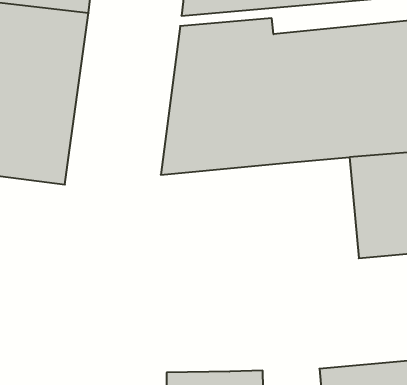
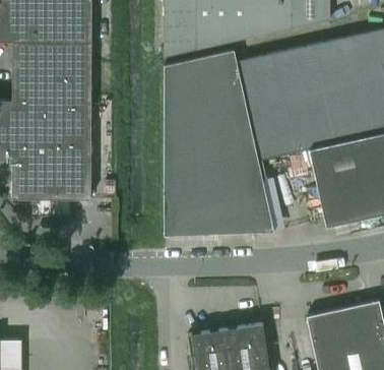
building: none -> [164,160,274,235]

